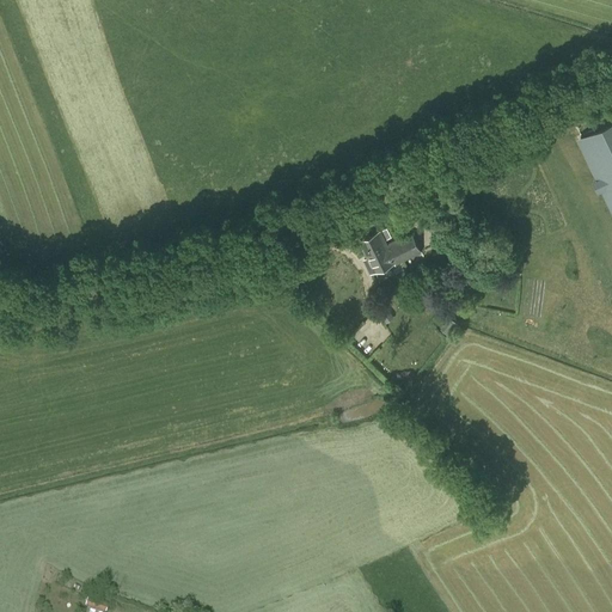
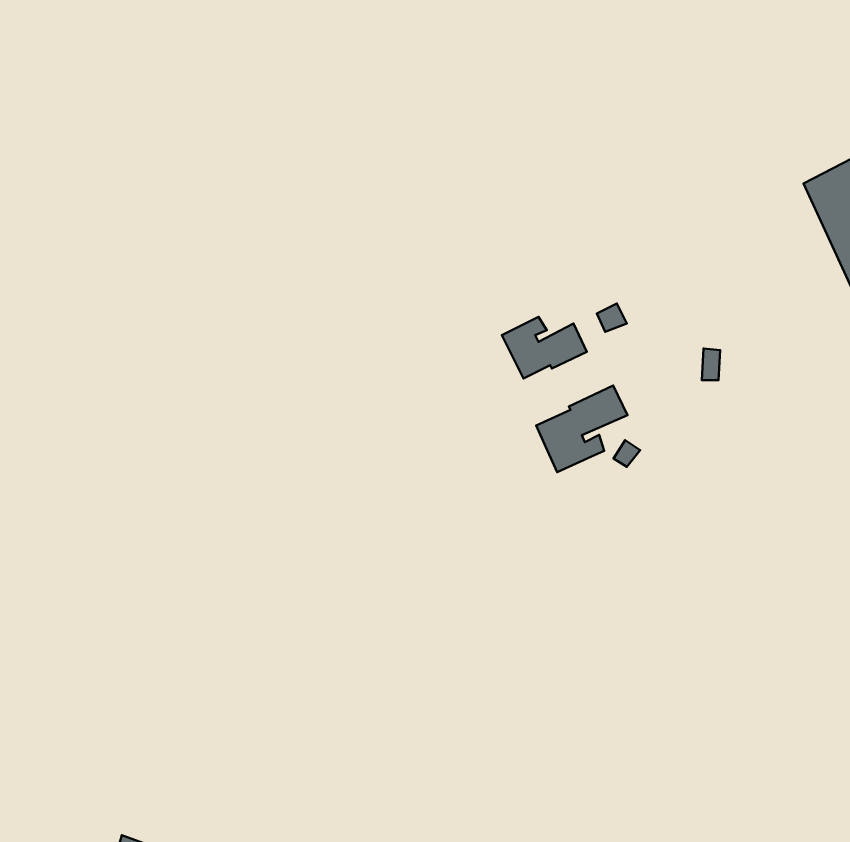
building: none -> [536,385,627,472]

